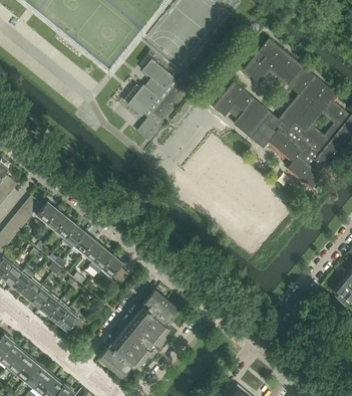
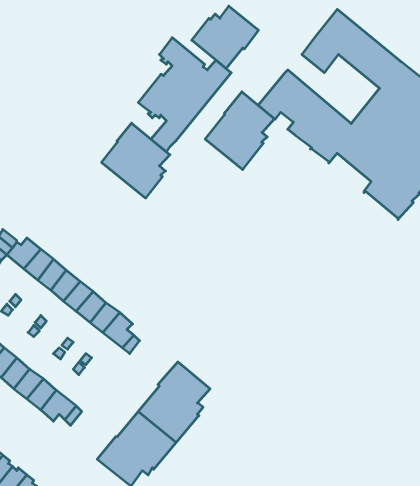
building: none -> [192,6,258,69]
building: none -> [205,92,274,170]
building: none -> [102,123,170,198]

